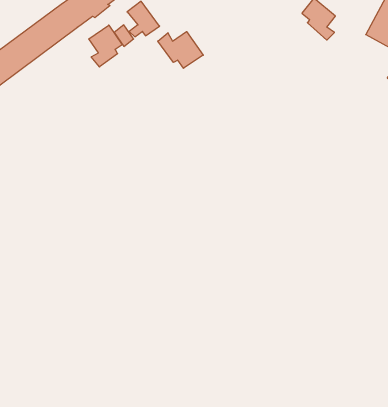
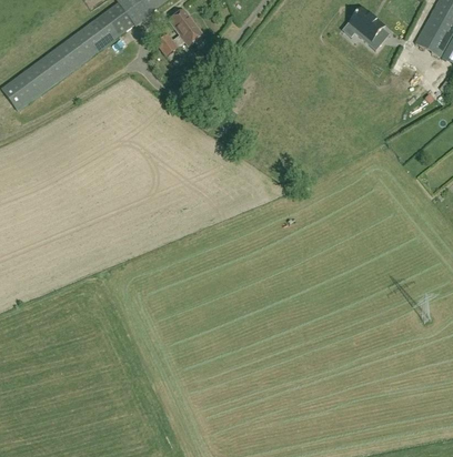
building: [89,25,122,67] -> none
building: [158,32,203,68] -> none

